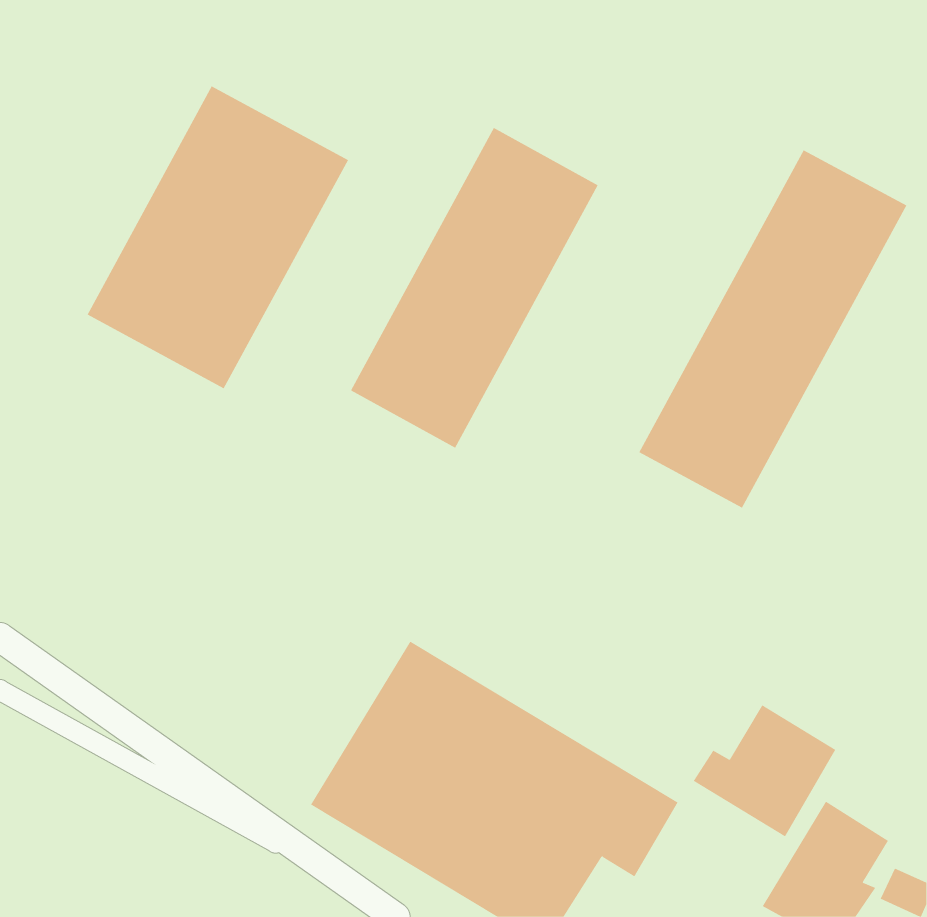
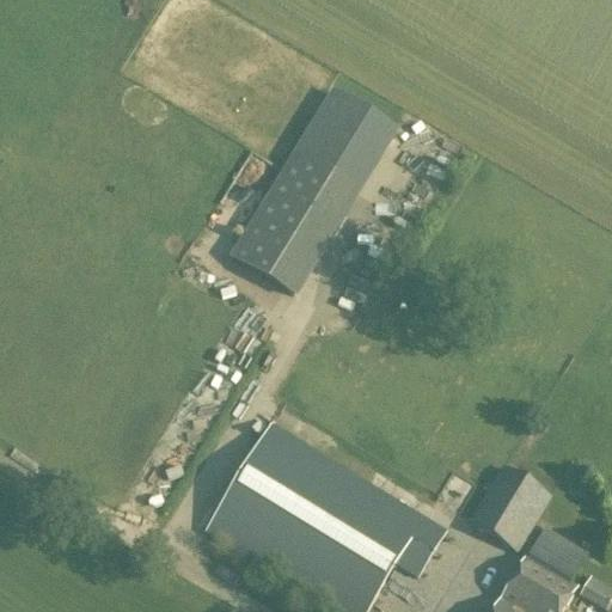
building: [87,86,349,389] -> none
building: [638,149,907,508] -> none

